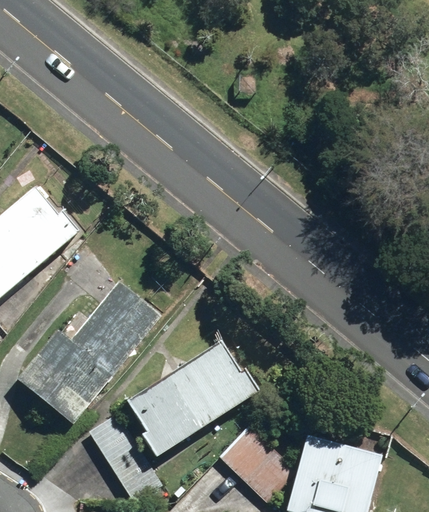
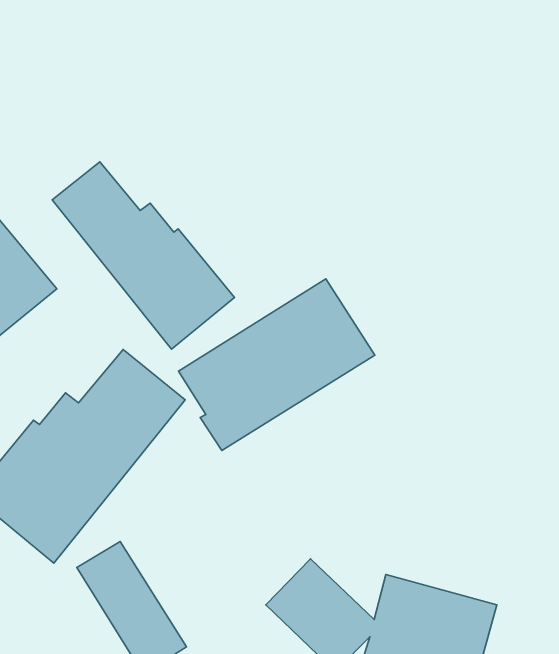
building: none -> [52,162,234,349]
building: [122,339,258,458] -> [179,279,375,451]

